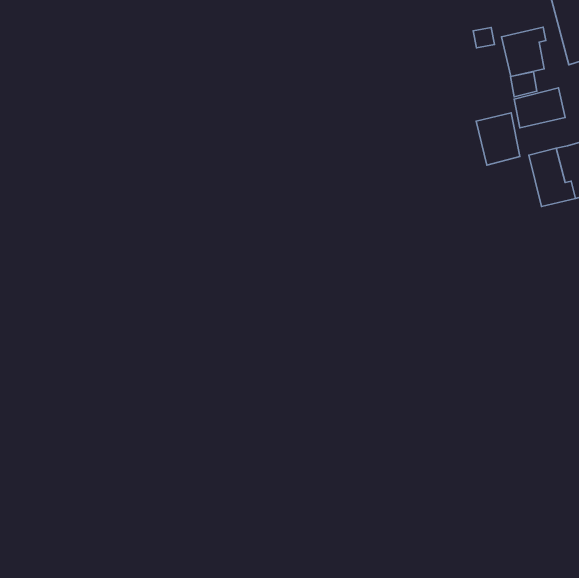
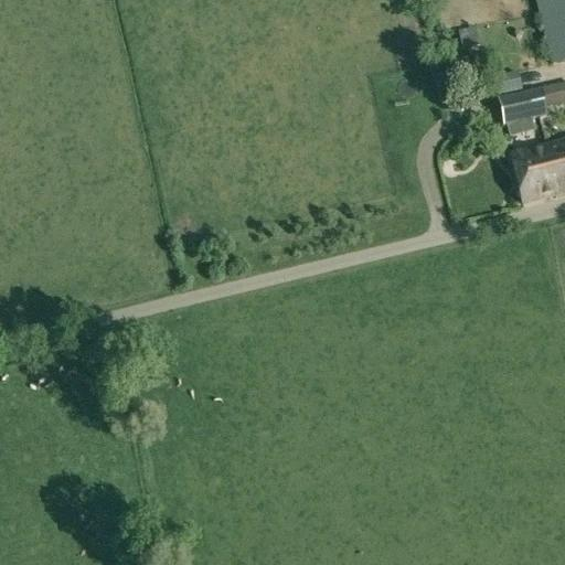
building: [502,27,546,76] -> none
building: [476,113,520,165] -> none

